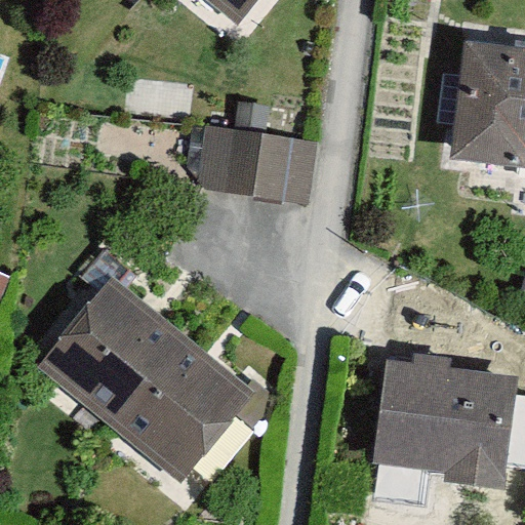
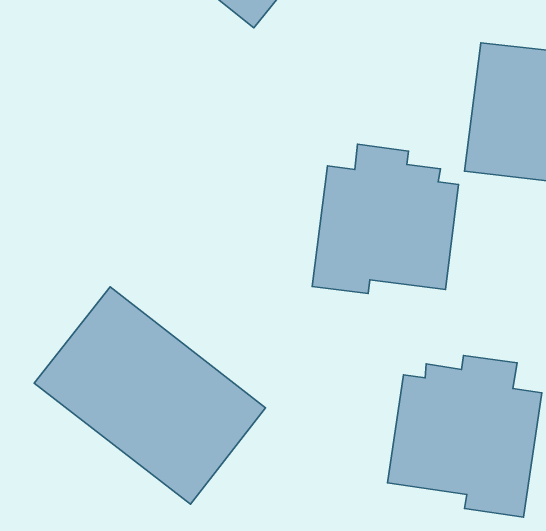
building: [199,131,312,201] -> none
building: none -> [312,144,458,294]

